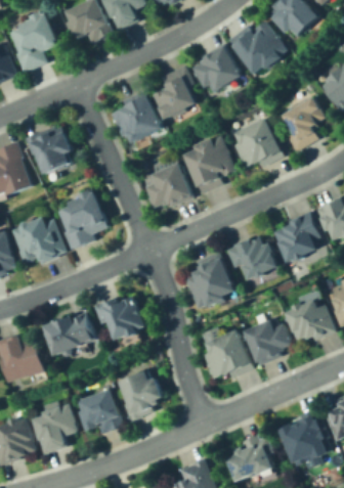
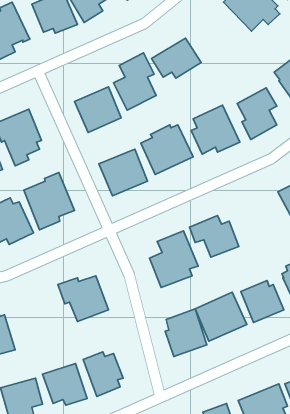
building: [231,23,285,75] -> none
building: [275,212,322,261] -> none
building: [41,311,97,359] -> none

